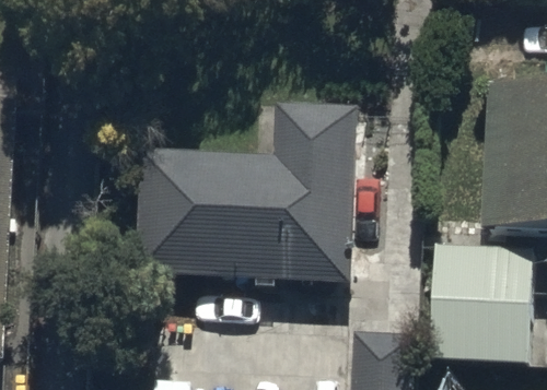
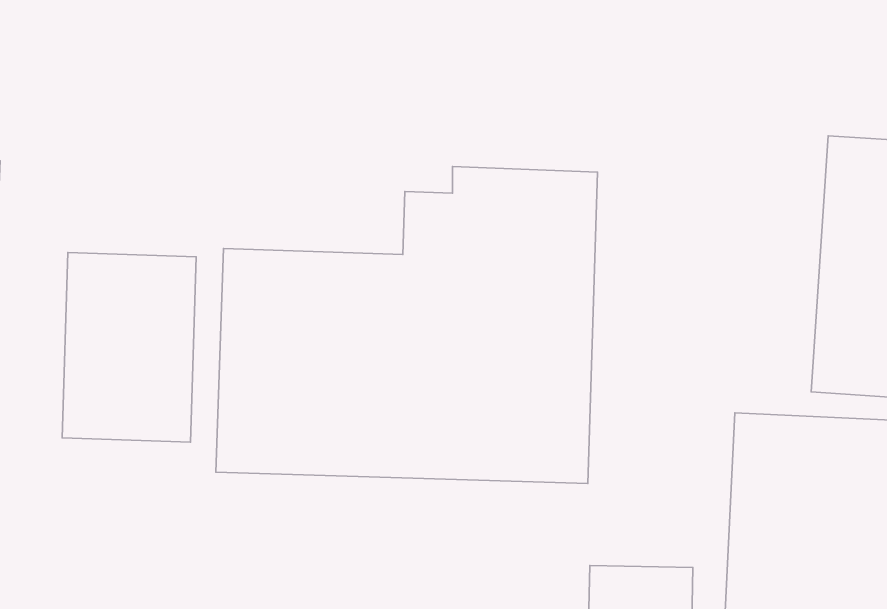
building: none -> [62,252,196,442]

